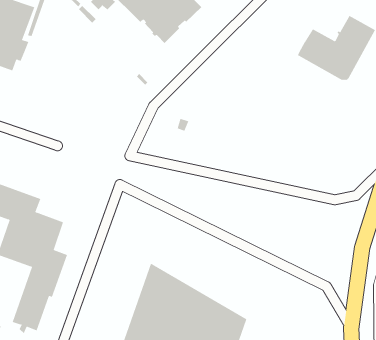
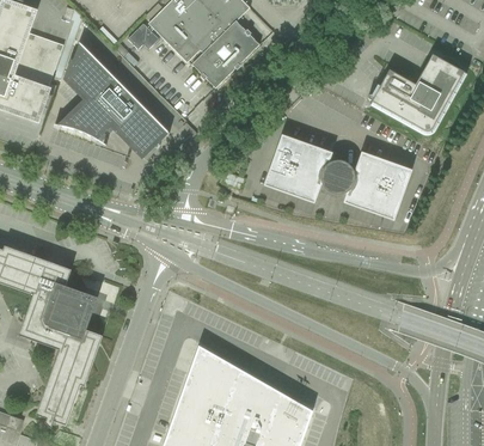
building: none -> [54,42,169,158]
building: none -> [263,134,411,220]

